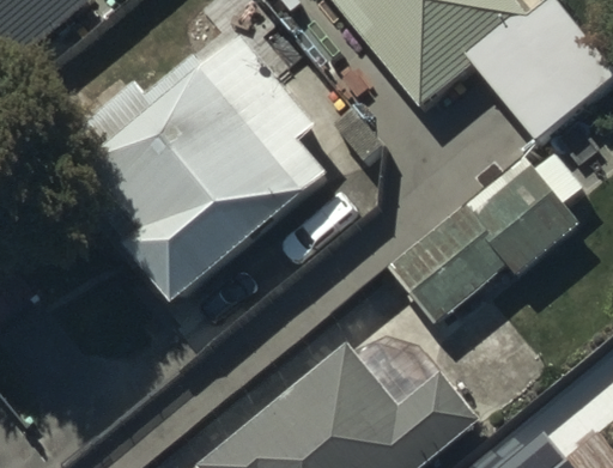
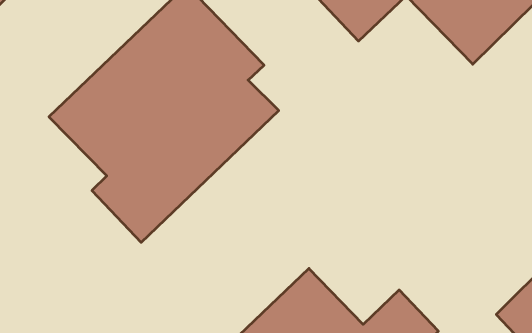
building: [387,168,575,323] -> none

